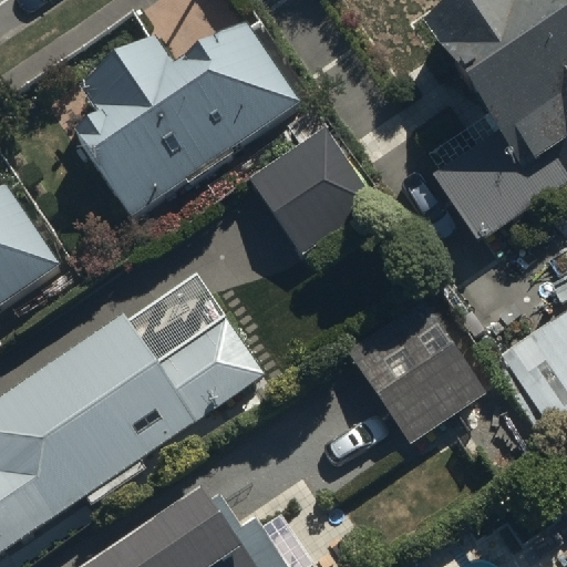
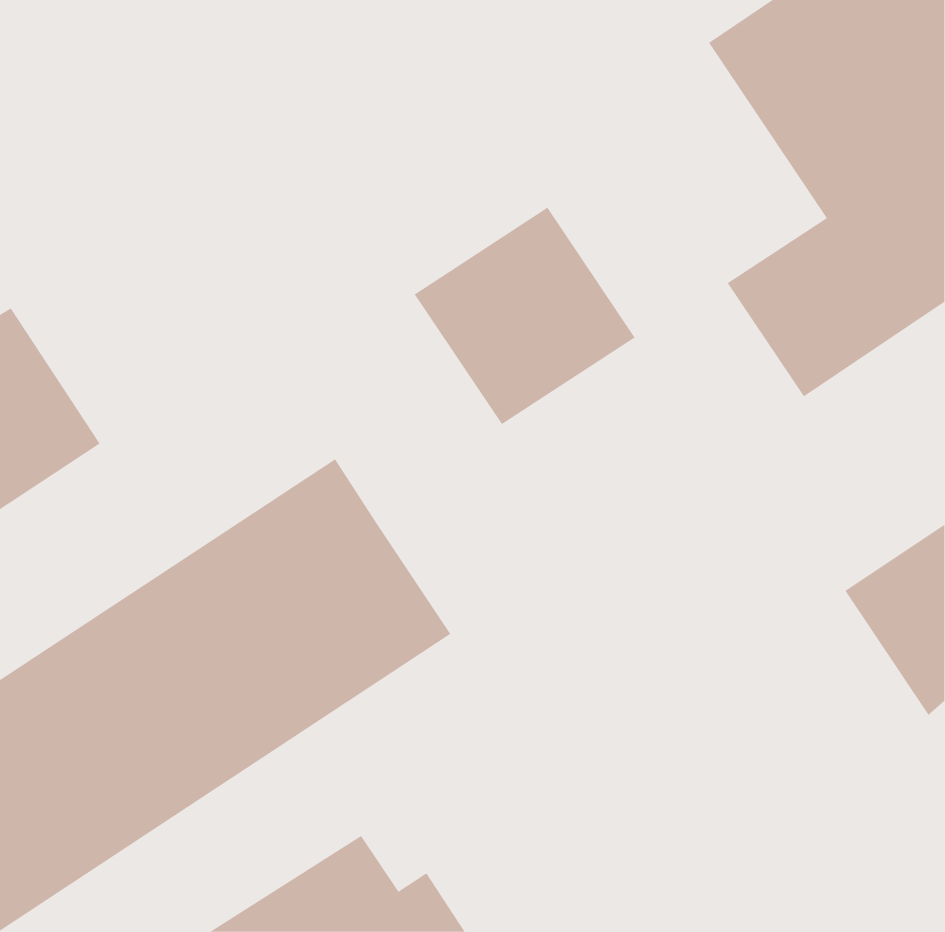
building: [75,20,301,216] -> none
building: [350,299,485,443] -> none

